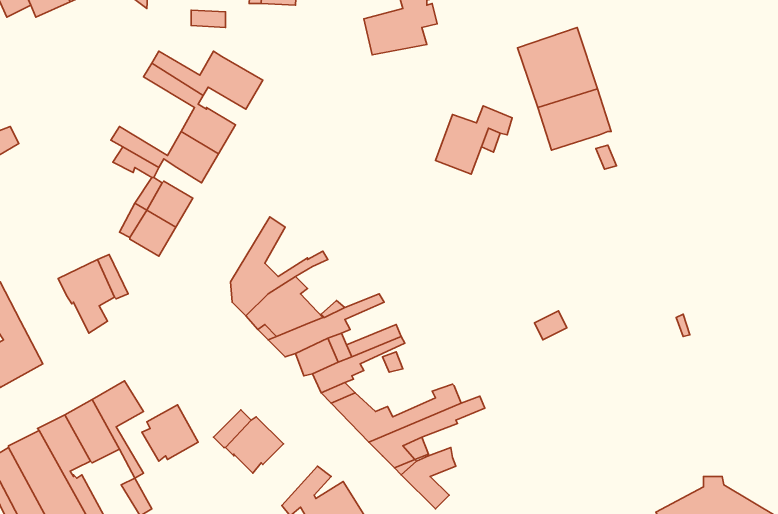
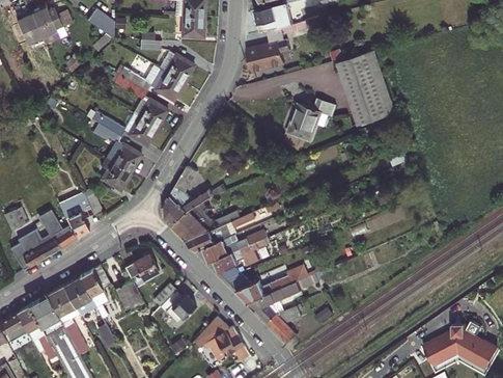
building: none -> [159,52,194,83]
building: none -> [36,214,76,255]
building: none -> [124,254,159,279]

